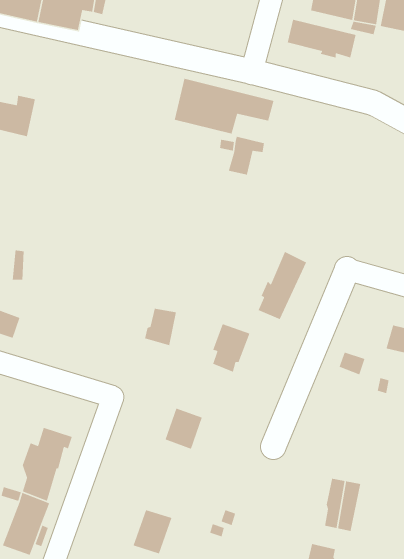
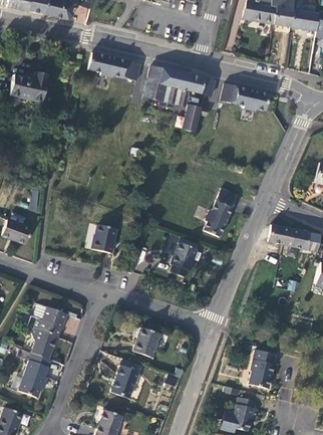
building: [287,19,357,59] -> [220,80,269,108]
building: none -> [86,49,139,78]
building: [144,308,177,346] -> [92,221,115,248]
building: none -> [268,230,298,254]
building: [165,407,203,450] -> [136,330,164,360]

